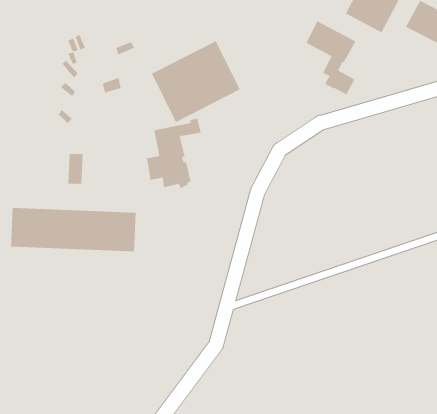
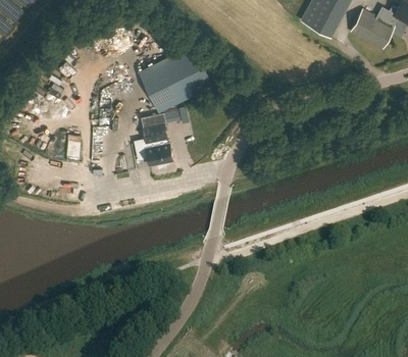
building: [306,20,356,95] -> none
building: [11,207,136,252] -> none

